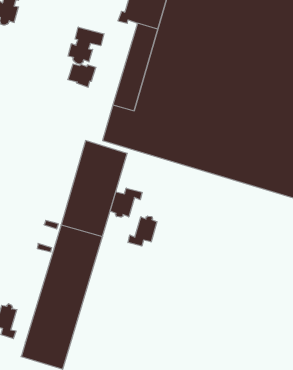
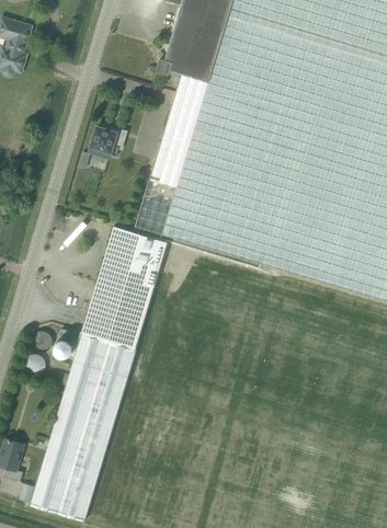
building: [68,27,104,64] -> none
building: [110,188,142,217] -> none
building: [128,216,157,246] -> none

